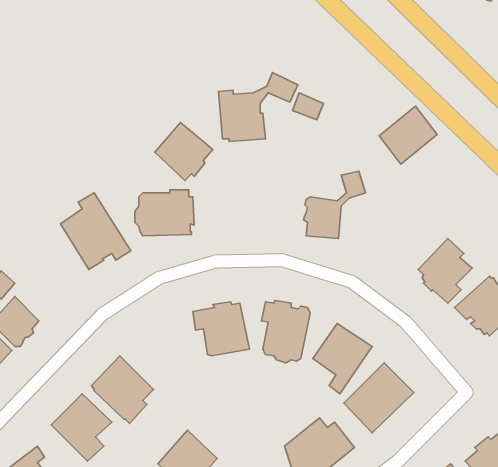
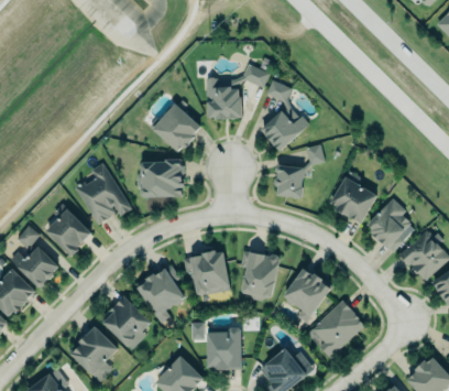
building: [379,106,437,164] -> [260,104,307,151]
building: none -> [328,176,376,224]
building: none -> [46,208,92,257]
building: none -> [138,264,185,323]
building: none -> [206,326,241,368]

